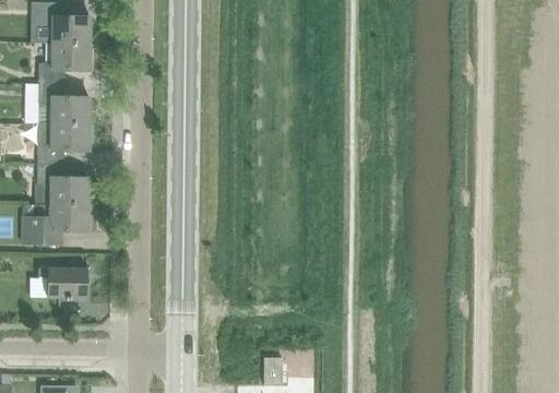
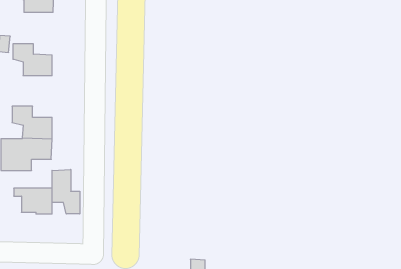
building: [38,43,90,83] -> none
building: [37,122,88,163] -> none
building: none -> [52,169,80,214]

